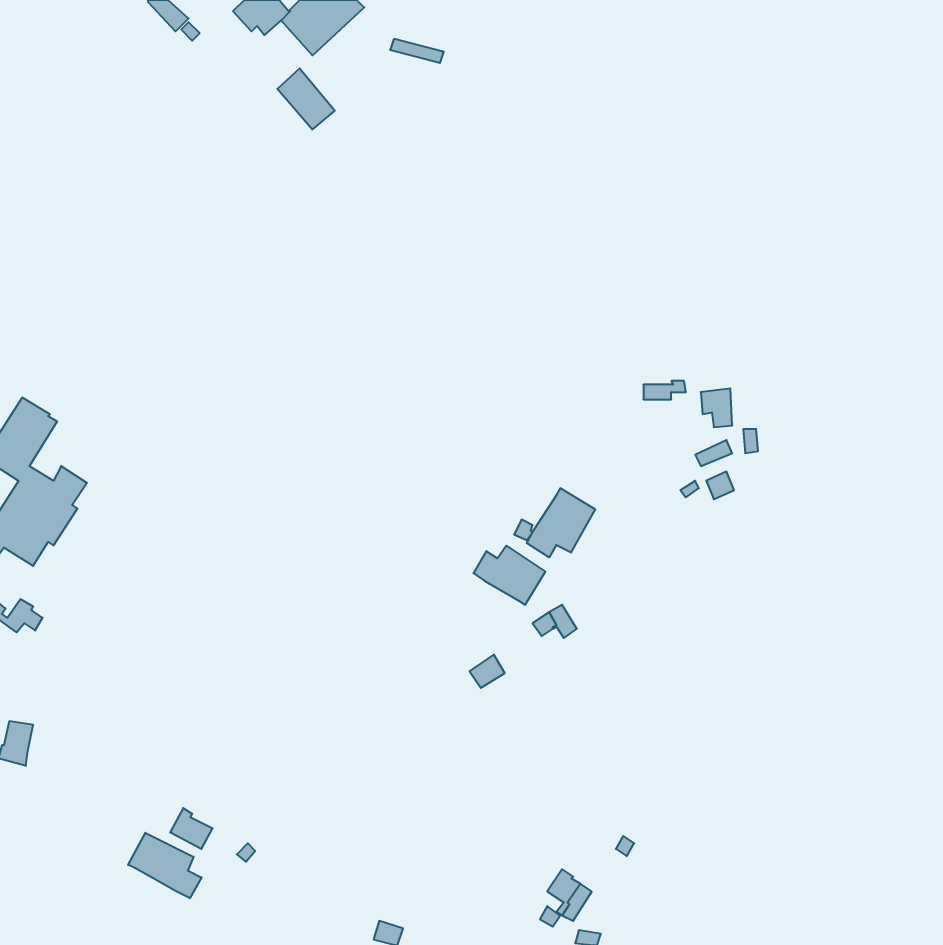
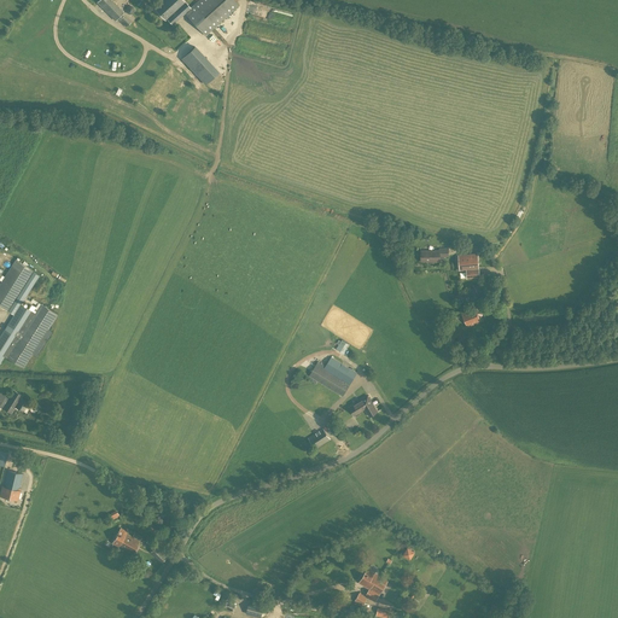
building: [527,488,595,557] -> none
building: [128,833,202,898] -> none

